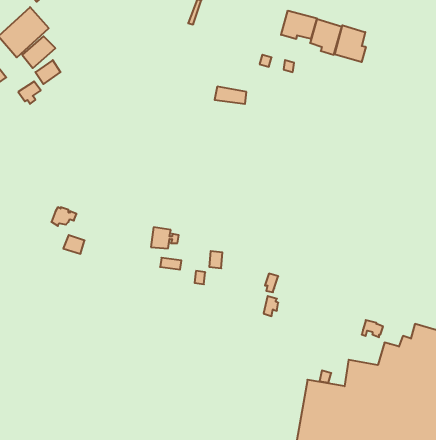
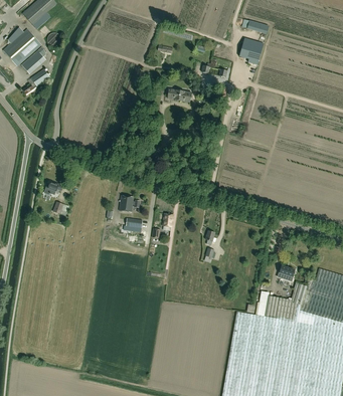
building: [281,11,317,39] -> none
building: [335,25,366,62] -> none

